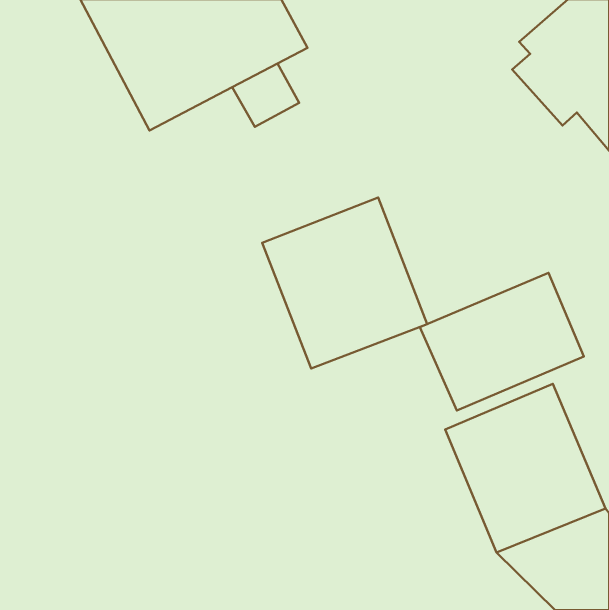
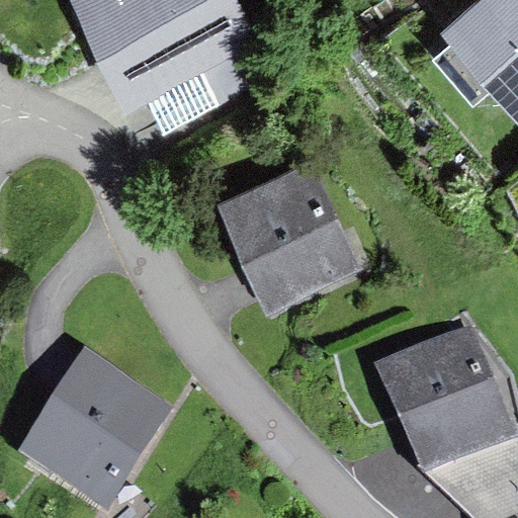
building: [420,273,584,411] -> none
building: none -> [18,345,175,506]

